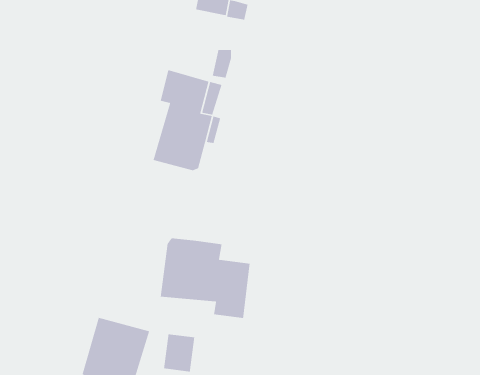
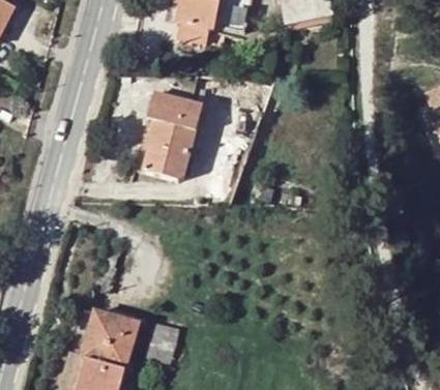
building: [160,237,250,319] -> none

